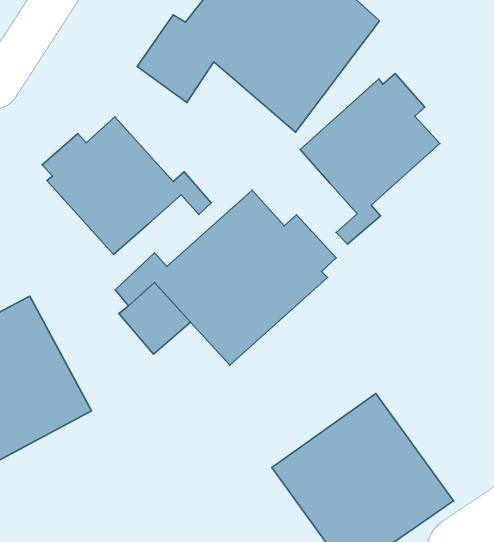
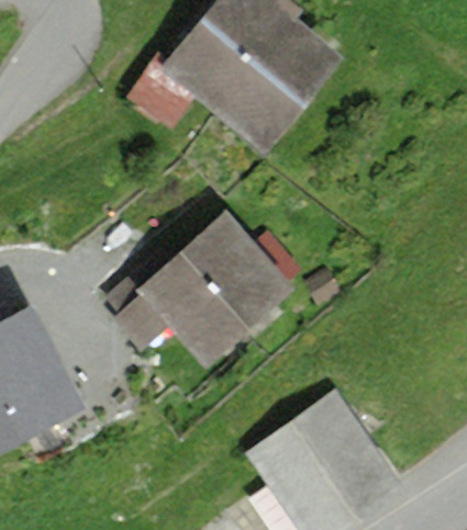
building: [300,73,440,244] -> none
building: [42,117,211,255] -> none

